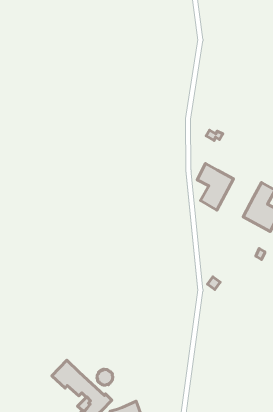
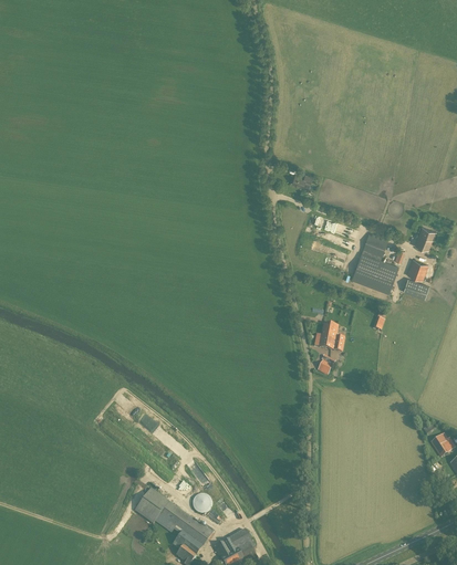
building: [197,164,233,210] -> none
building: none -> [319,323,344,350]

